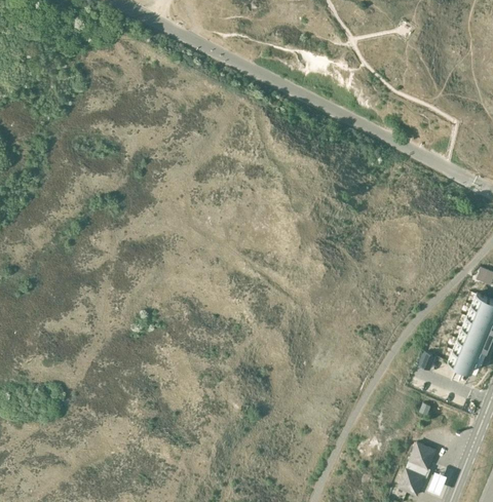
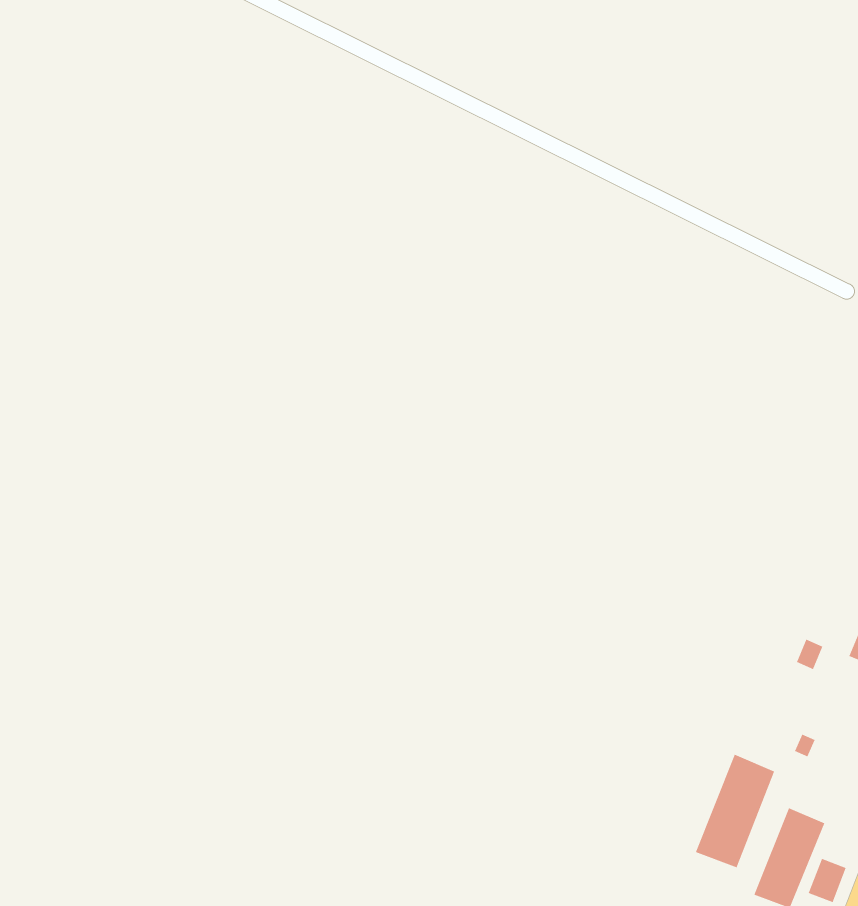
building: none -> [695,754,775,868]

